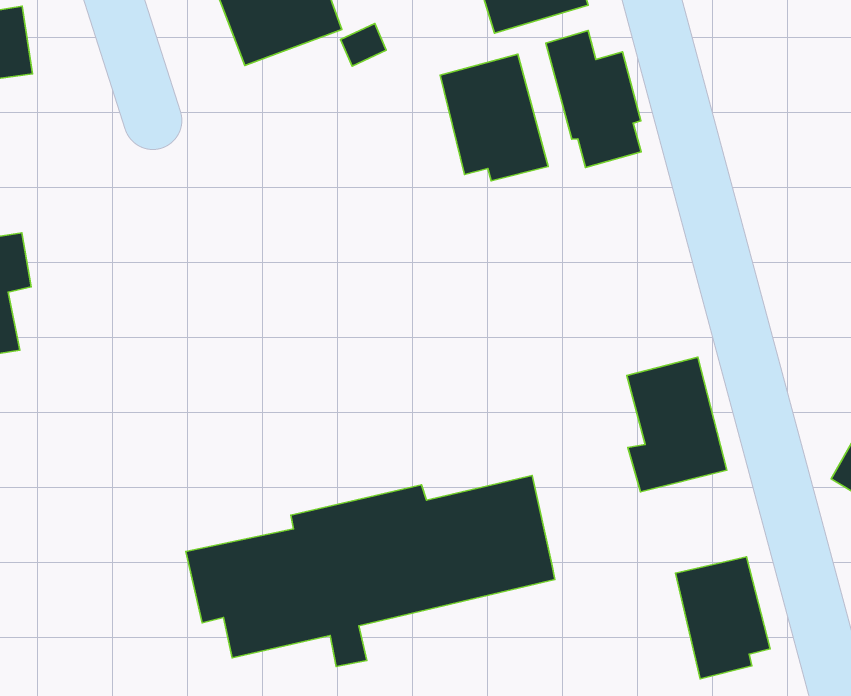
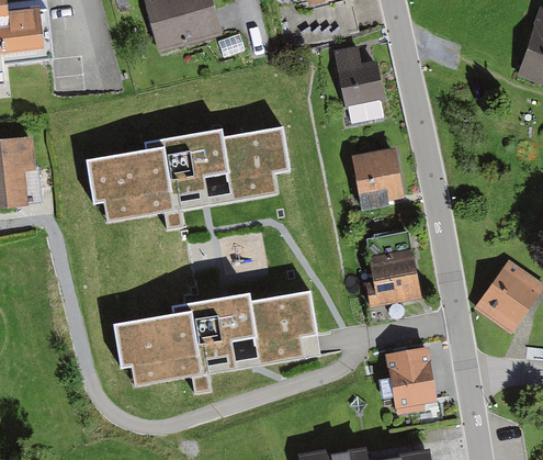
building: [440,54,548,181] -> none
building: none -> [87,126,290,228]
building: none -> [352,148,403,209]

